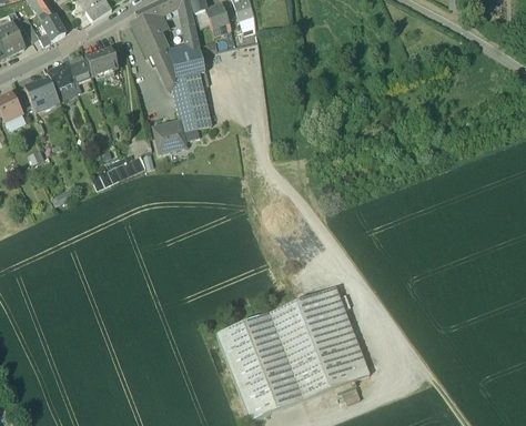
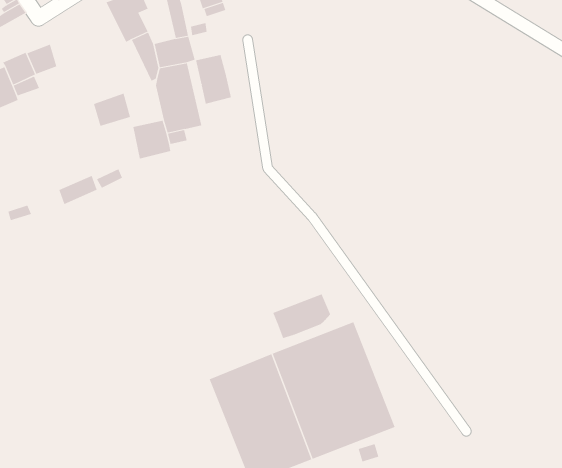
building: [85,48,117,75] -> [93,93,131,126]
building: none -> [195,54,232,104]
building: none -> [273,294,331,339]

